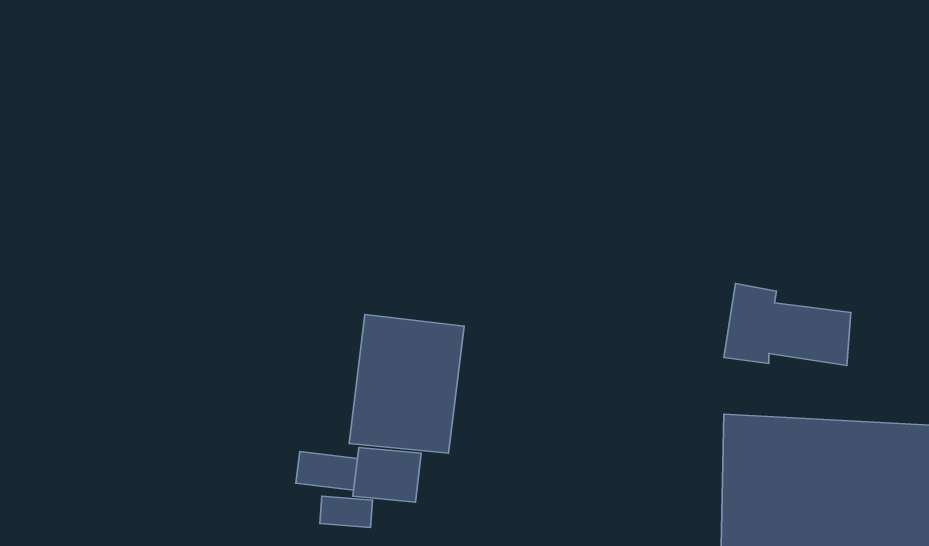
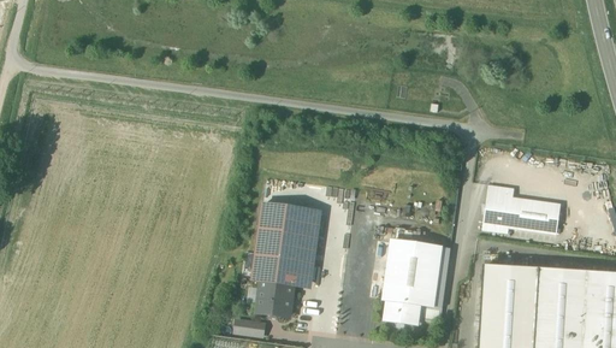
building: none -> [384,241,443,324]
building: [296,452,357,490] -> none

